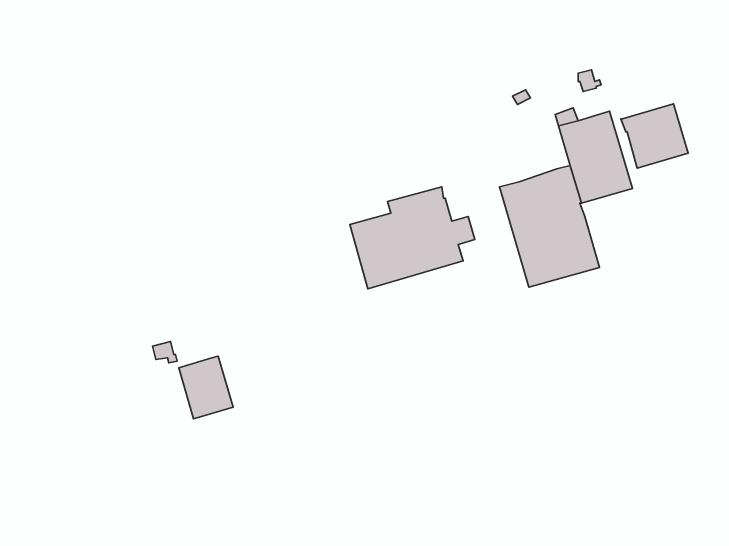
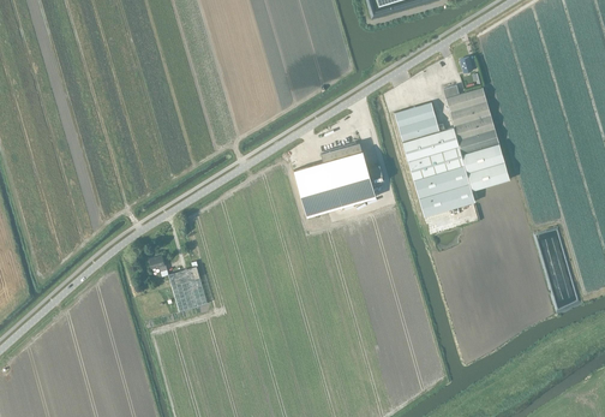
building: [621,104,688,168] -> [461,143,510,190]
building: none -> [394,102,444,141]

